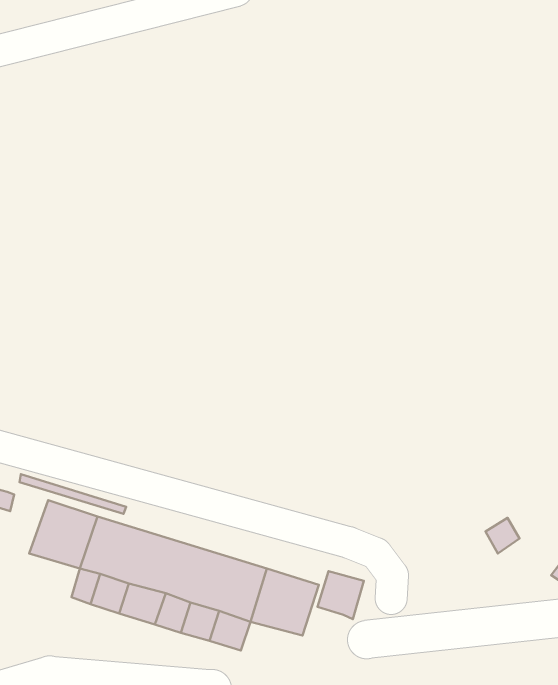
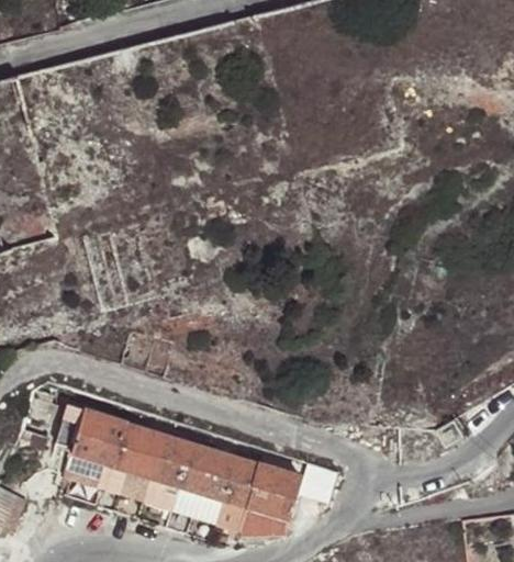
building: none -> [63,451,110,486]
building: none -> [236,506,289,538]

